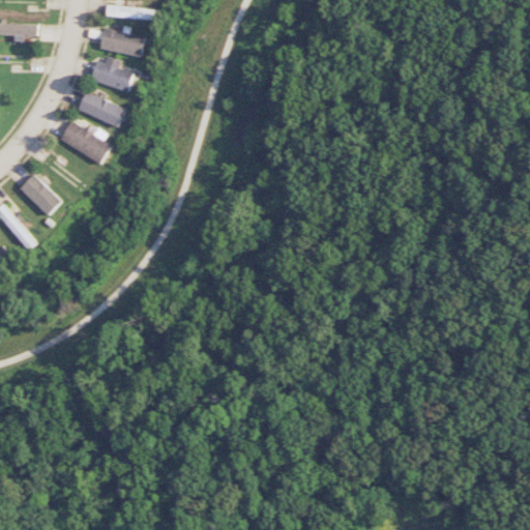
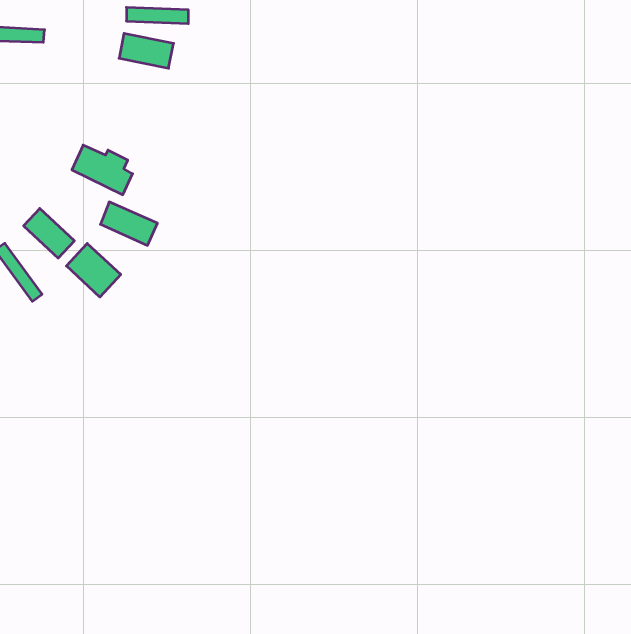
building: [90,56,134,92] -> none
building: [78,91,125,127] -> [100,202,157,245]
building: none -> [66,243,121,297]

